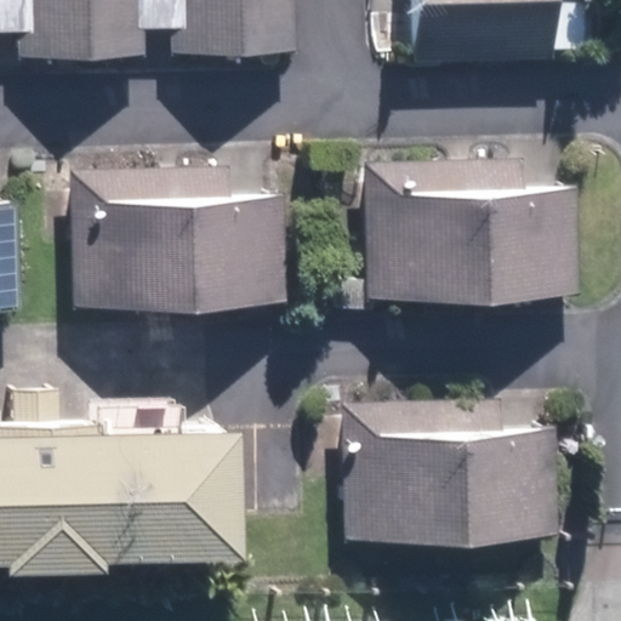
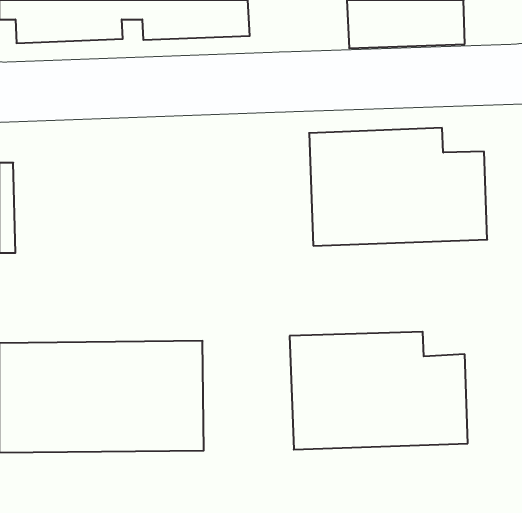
building: [72,172,285,310] -> none

